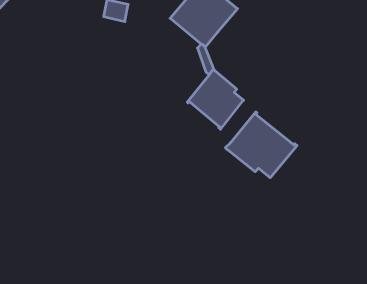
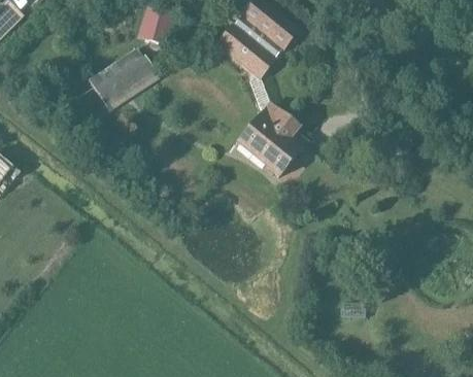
building: none -> [88,43,156,102]
building: [225,112,297,178] -> none

